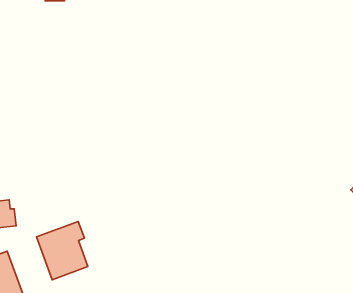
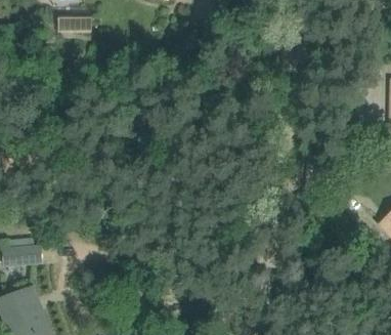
building: [36,222,88,280] -> none

